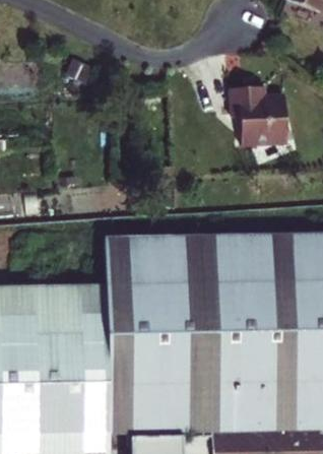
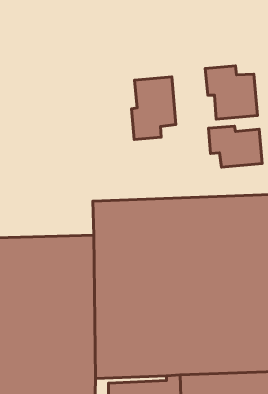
building: none -> [132,77,176,140]
building: none -> [208,126,262,167]

